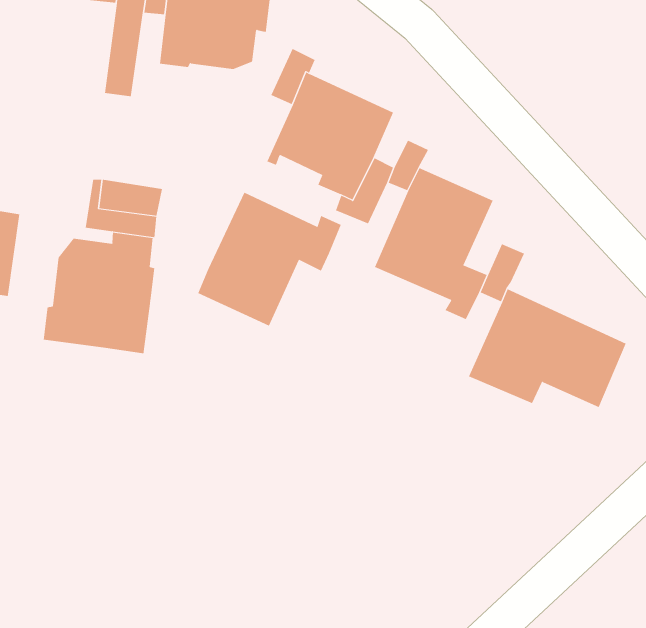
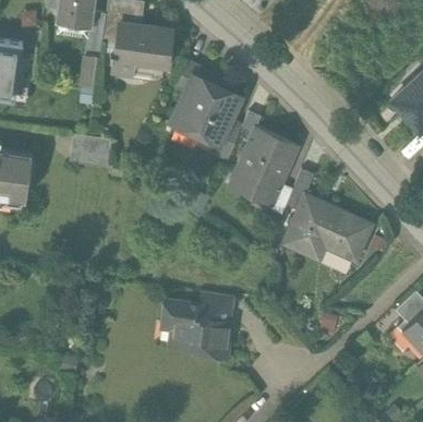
building: [198,192,342,327] -> none
building: [43,232,155,354] -> none
building: none -> [161,293,231,359]

